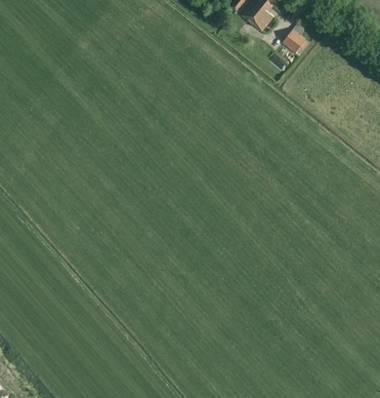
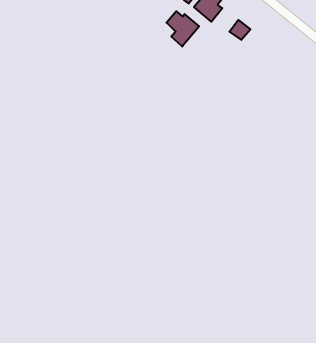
building: none -> [166,11,199,47]

